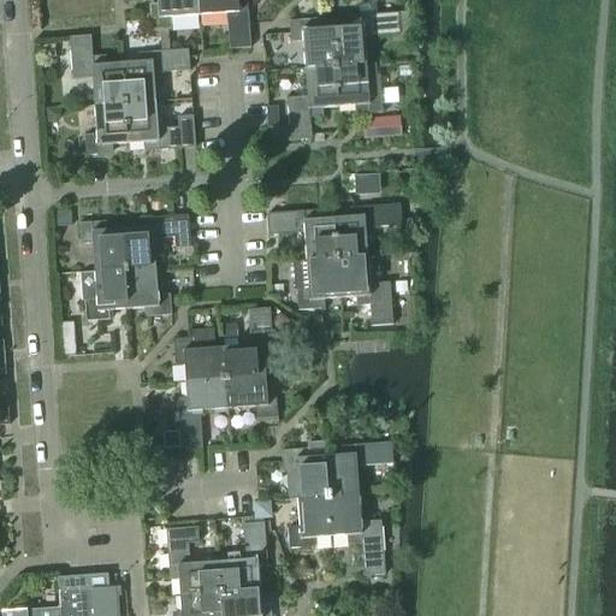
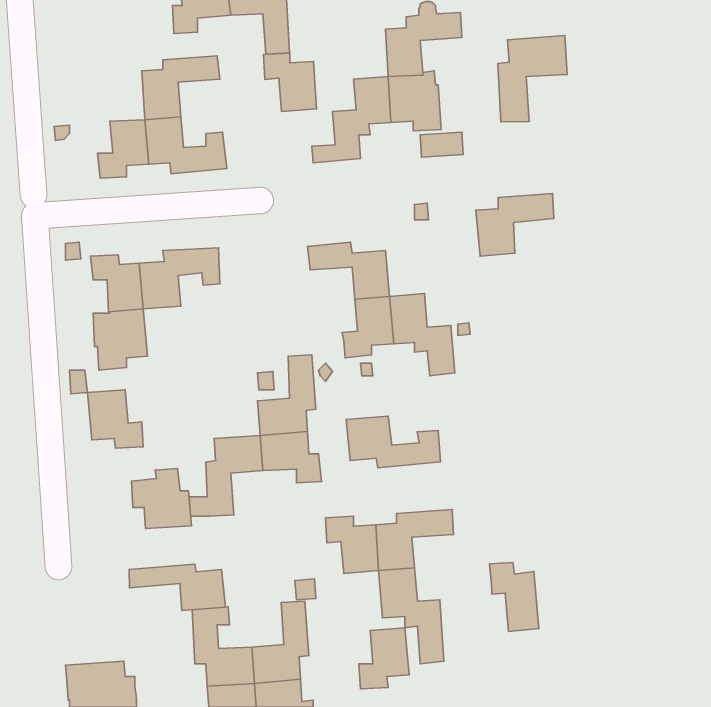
building: [290,18,336,69] -> [264,53,316,111]
building: none -> [498,36,567,122]
building: [70,34,125,105] -> none
building: [333,202,401,256] -> [476,193,554,256]
building: [124,265,172,315] -> [88,390,143,448]
building: [173,327,225,379] -> [132,469,191,528]
building: none -> [346,416,441,468]
building: none -> [490,562,539,632]
building: none -> [129,564,225,610]
building: [288,493,331,546] -> [359,628,409,689]

